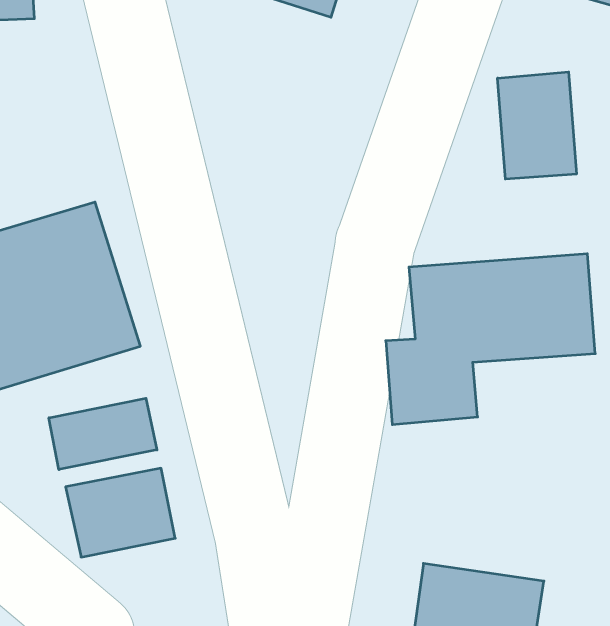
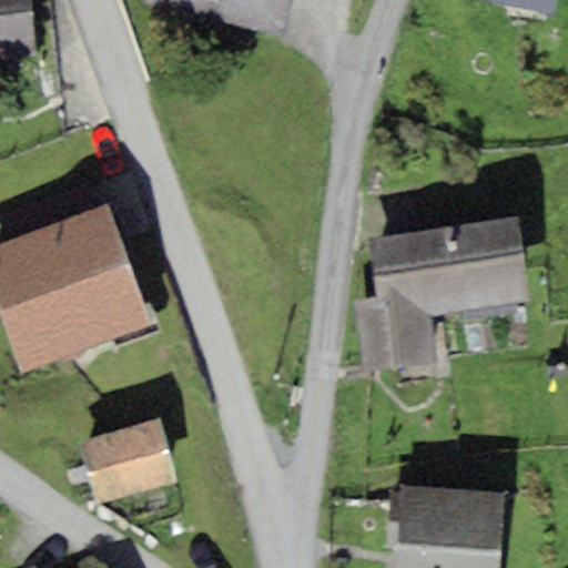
building: [498,72,576,179] -> none
building: [49,398,157,470] -> none

